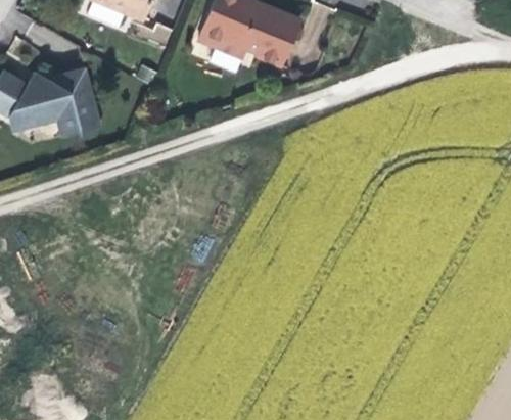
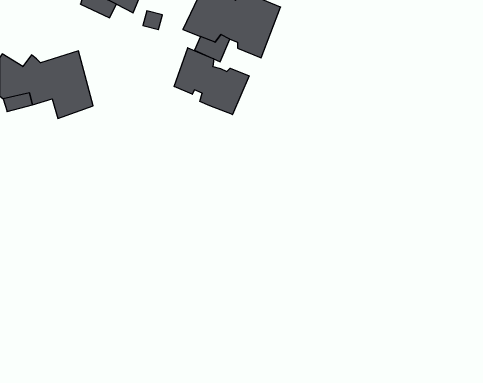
building: none -> [174,48,249,115]

